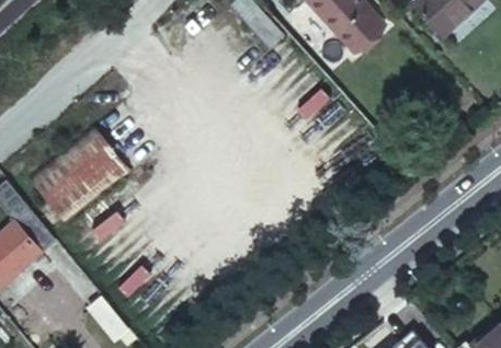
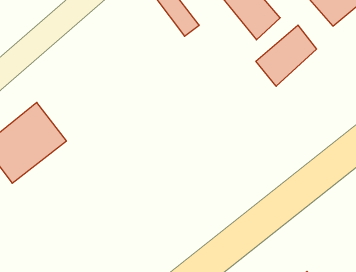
building: none -> [256,25,317,86]

